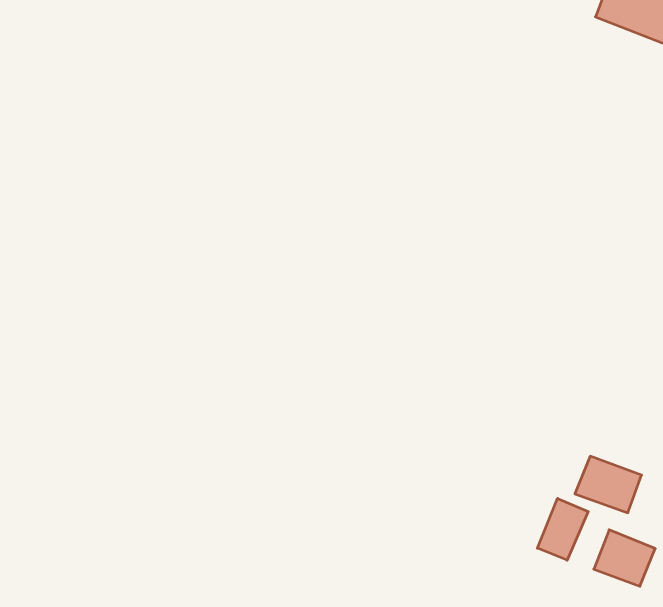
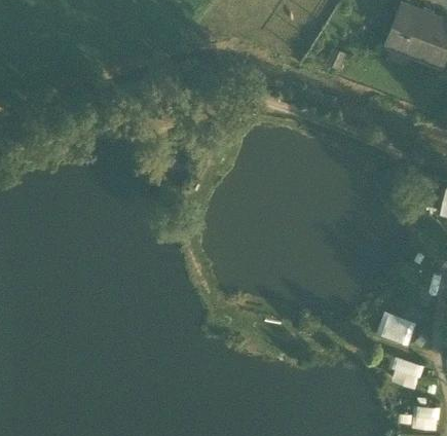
building: [537,498,588,560] -> none

